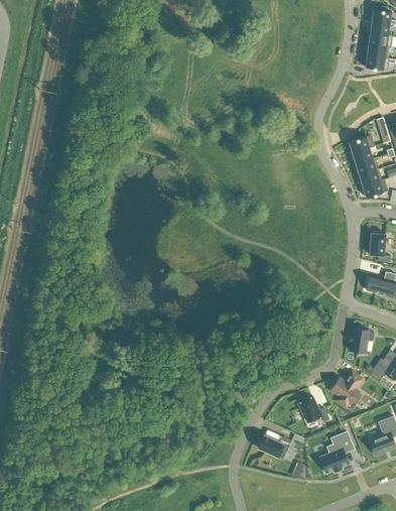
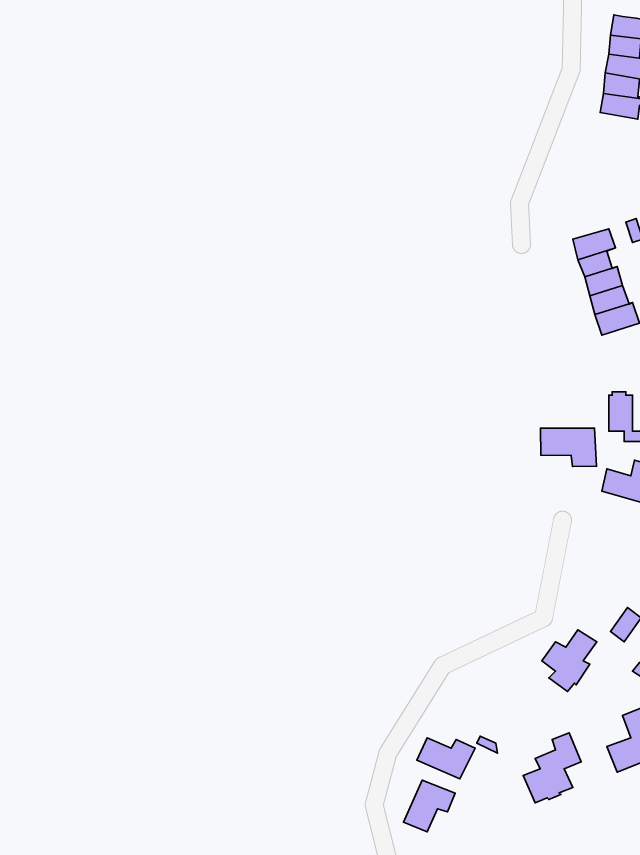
building: none -> [540,428,597,466]
building: [350,328,374,353] -> none
building: [298,396,329,422] -> none
building: none -> [404,780,455,832]

